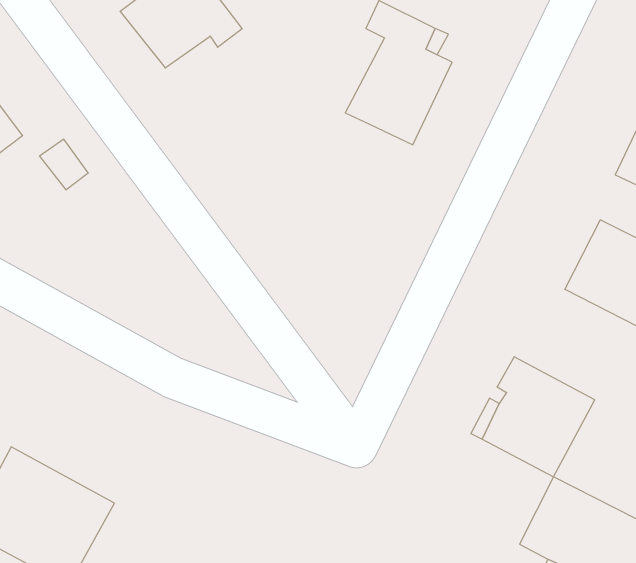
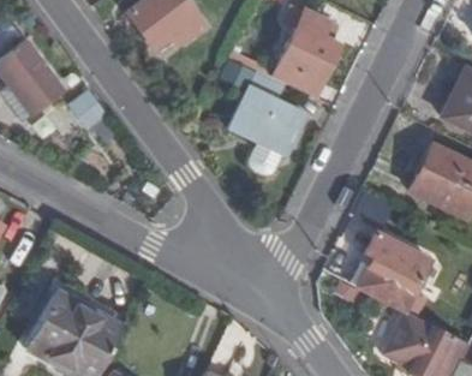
building: none -> [228,68,305,155]

